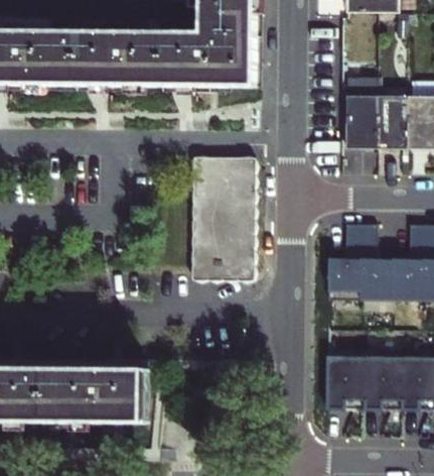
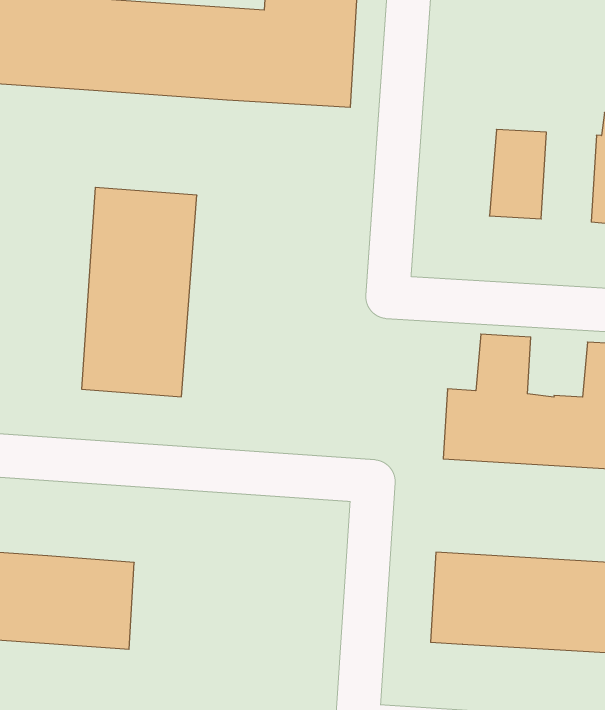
building: [378,96,408,148] -> none
building: [194,157,257,280] -> [82,187,197,397]

